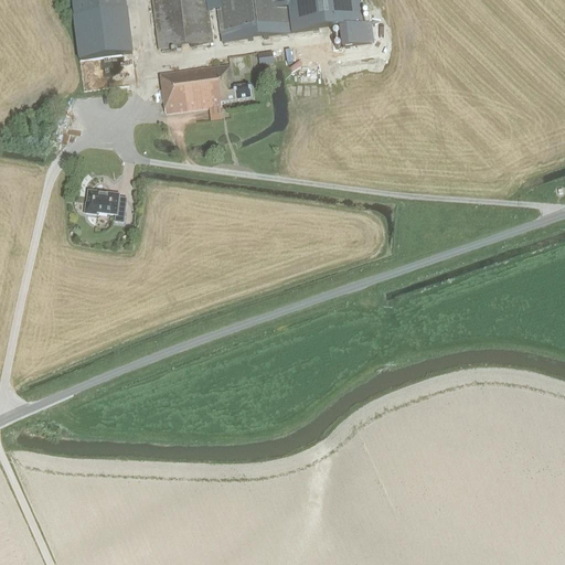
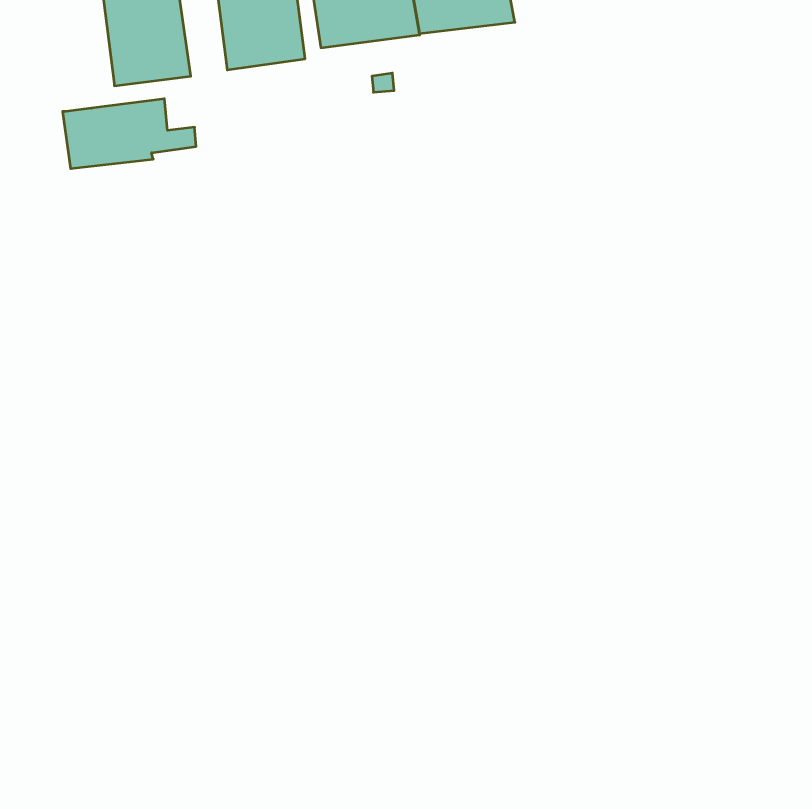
building: [341,21,372,47] -> none
building: [159,64,252,113] -> [63,99,196,169]
building: [85,191,125,222] -> none

